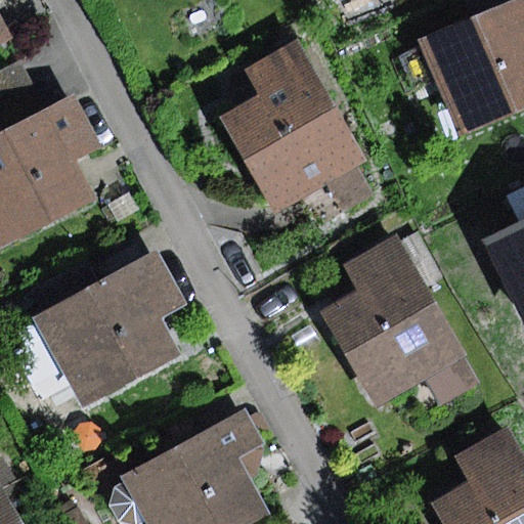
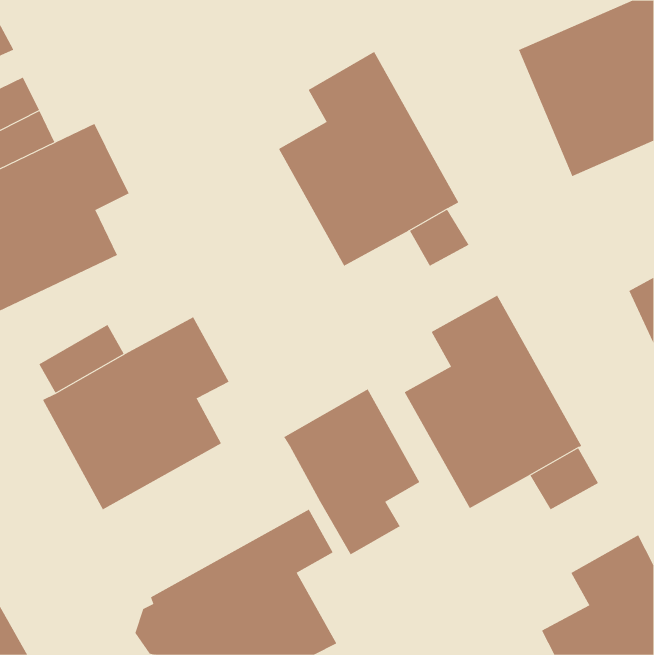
building: none -> [283,389,420,555]

